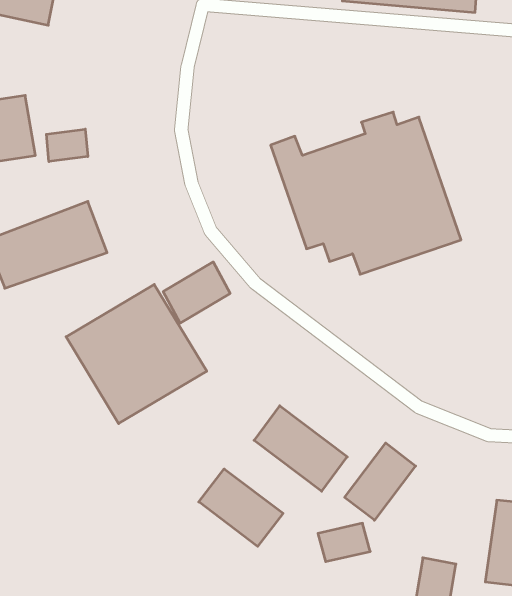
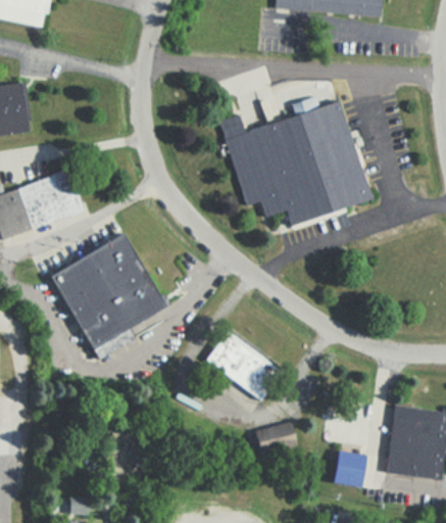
building: [46,129,88,162] -> none
building: [163,262,230,323] -> none
building: [345,443,416,520] -> none
building: [199,469,283,546] -> none

